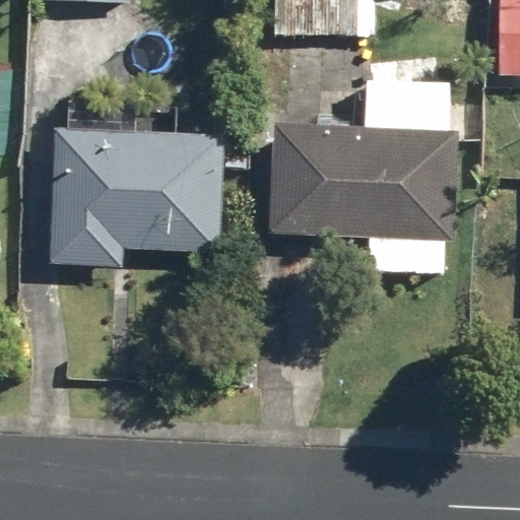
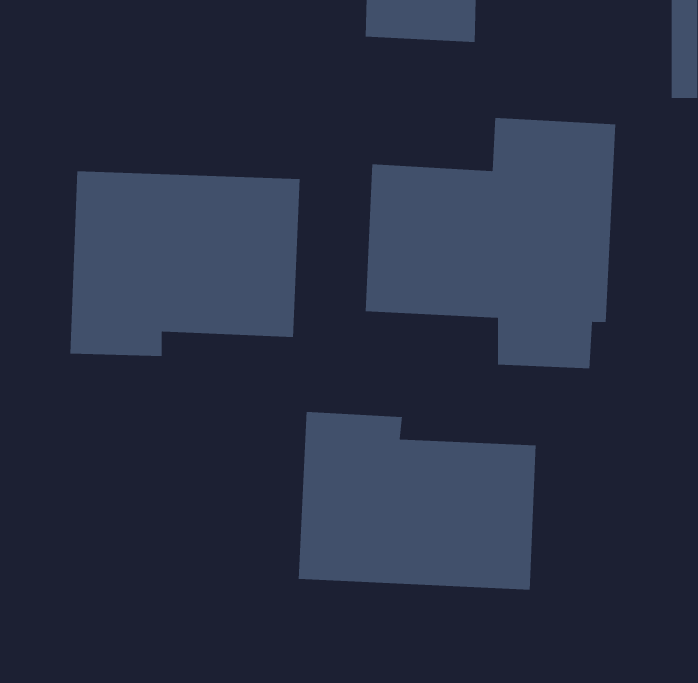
building: none -> [298,411,536,591]

